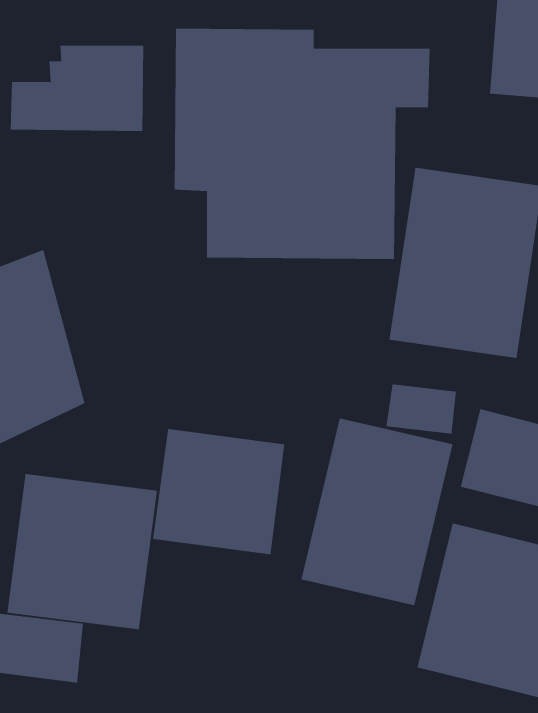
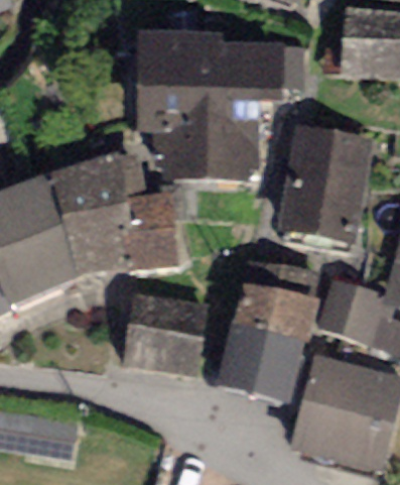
building: [10,45,144,132] -> none
building: none -> [49,150,176,275]
building: [7,473,158,630] -> none

